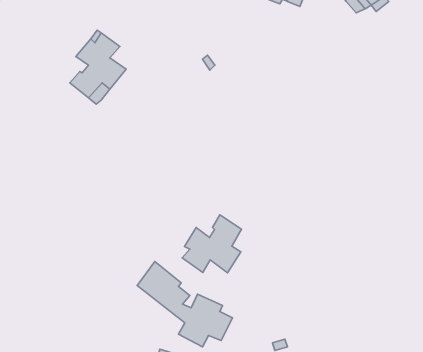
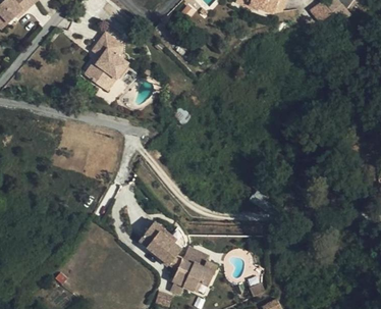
building: [182,215,241,273] -> none

